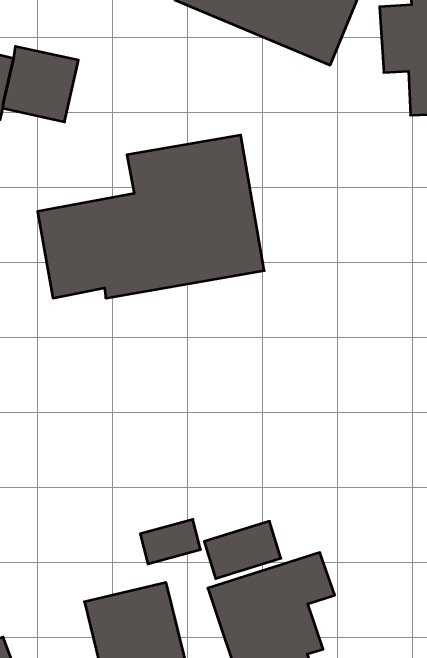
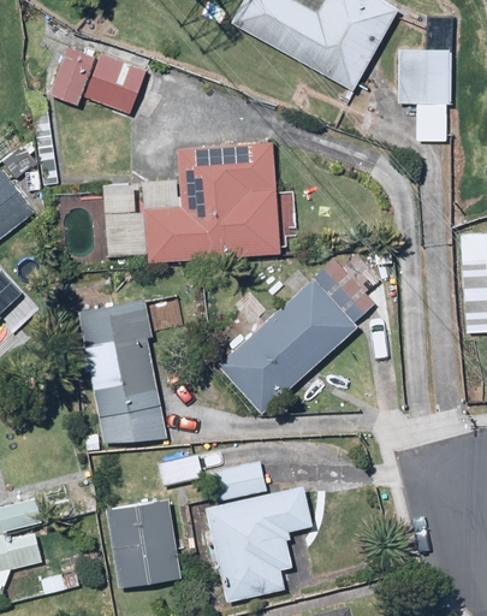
building: none -> [219,250,385,414]
building: none -> [75,300,165,446]

